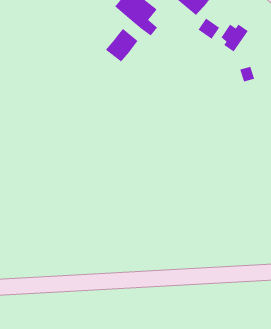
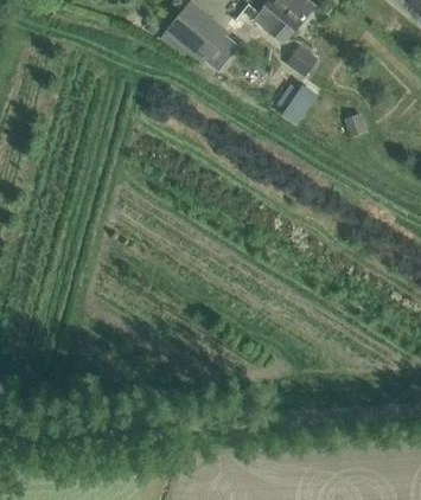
building: [221,23,249,53] -> [276,83,317,124]
building: [105,28,138,63] -> none

